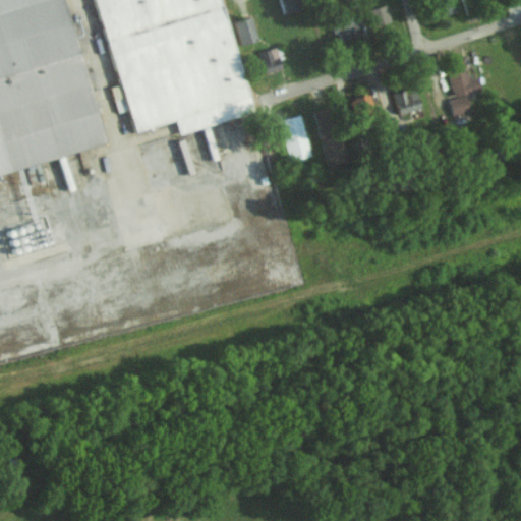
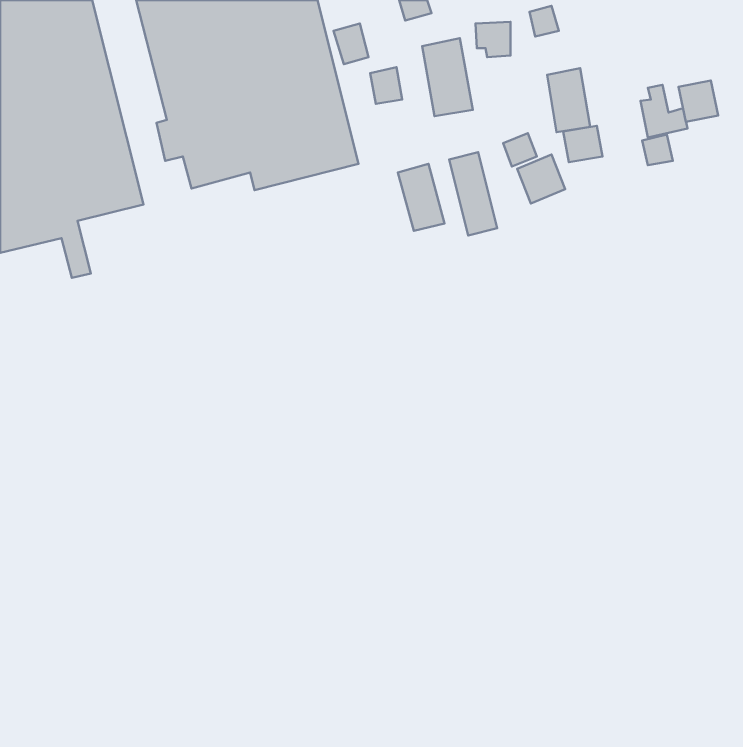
building: none -> [422,38,473,116]
building: none -> [547,68,590,132]
building: none -> [678,81,718,122]
building: none -> [517,155,565,203]

